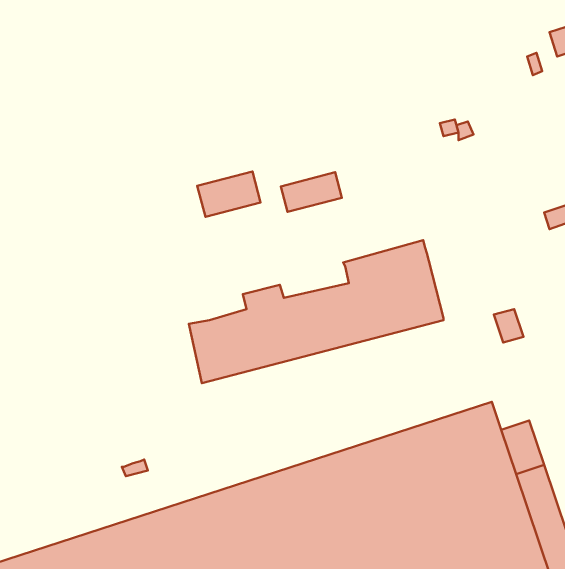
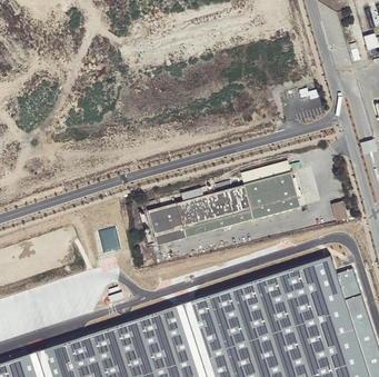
building: [197,172,260,217] -> none
building: [281,172,342,212] -> none

